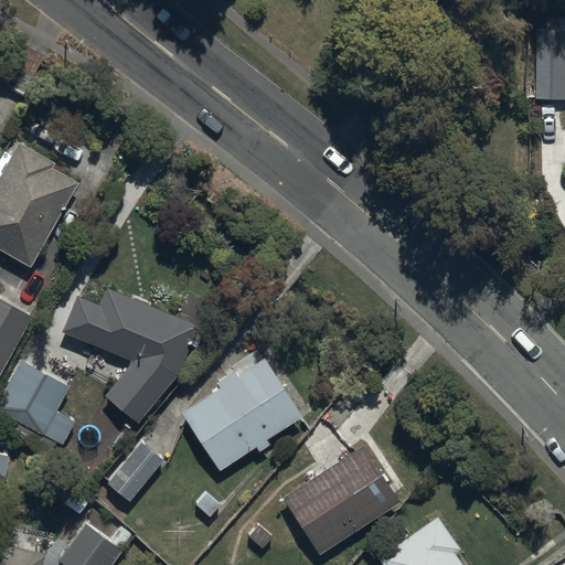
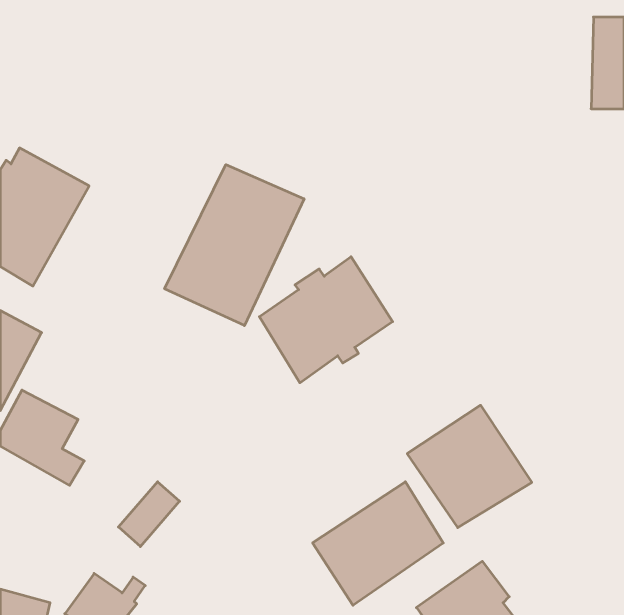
building: none -> [165,165,304,326]
building: [61,288,195,424] -> none
building: [182,359,302,472] -> [259,257,393,383]
building: none -> [407,405,532,528]

